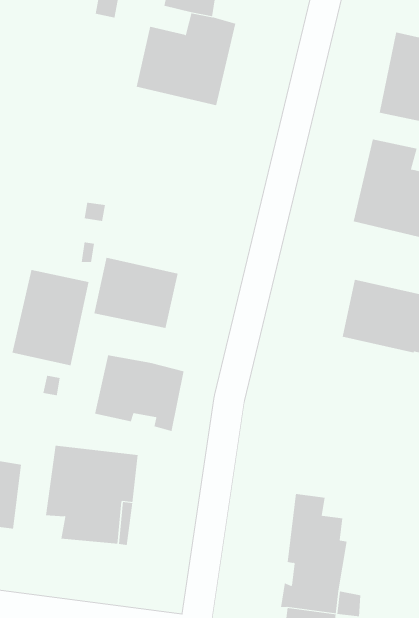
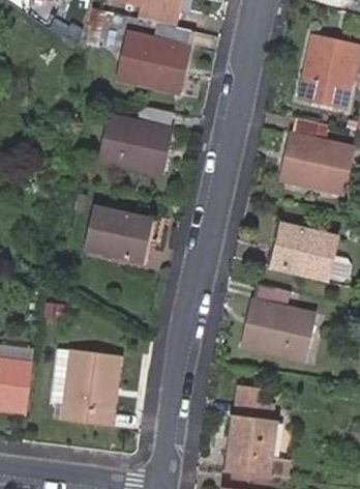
building: none -> [101,106,173,174]
building: [12,269,89,366] -> none
building: [95,355,184,432] -> none
building: none -> [244,284,316,362]

